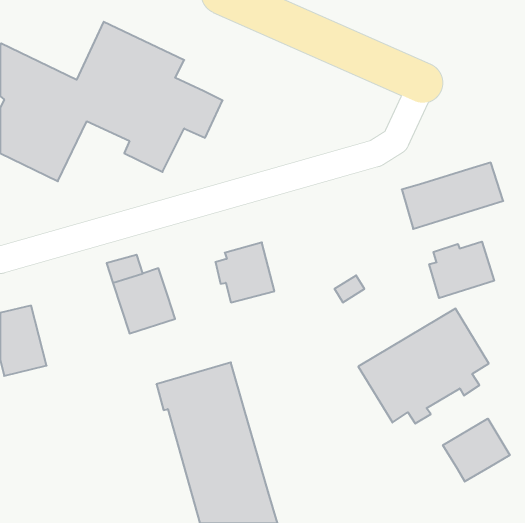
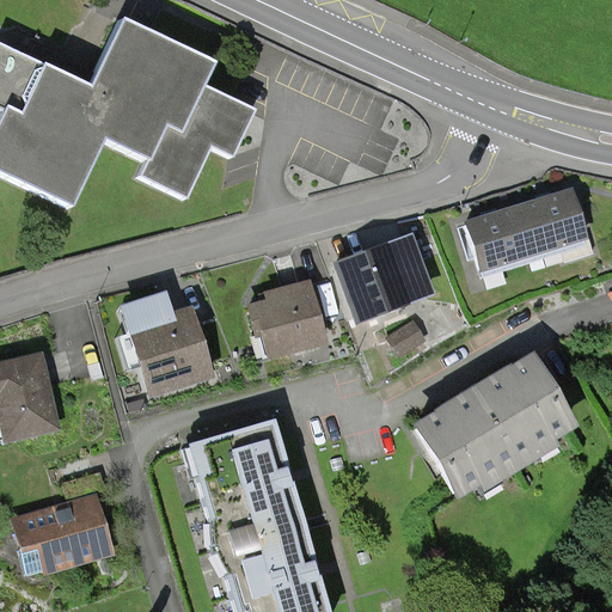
building: none -> [339,237,430,313]
building: [429,242,494,298] -> none
building: [443,419,510,482] -> none
building: none -> [18,495,110,570]

